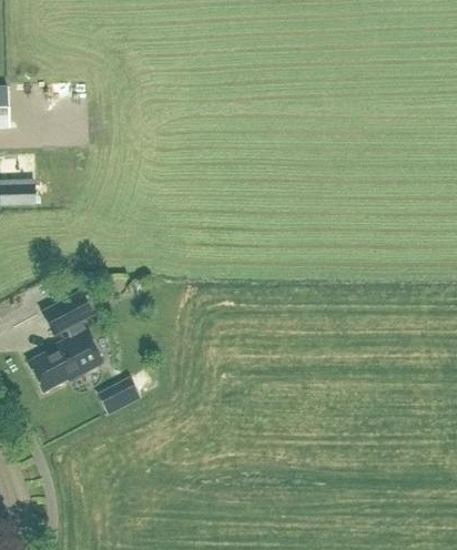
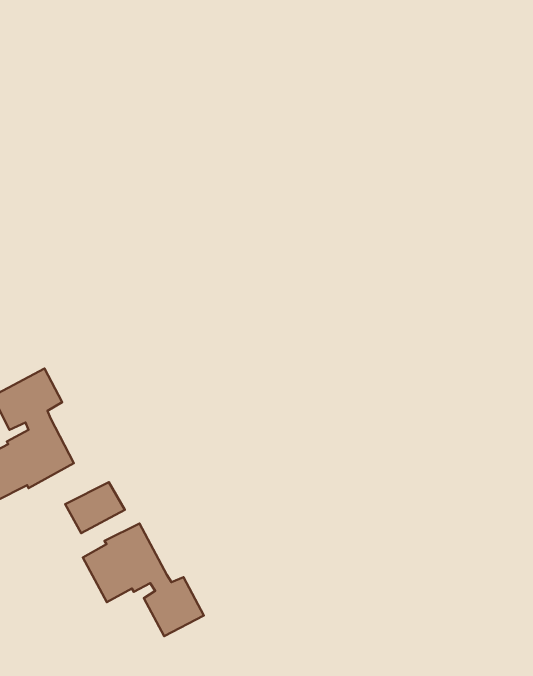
building: none -> [83,524,204,636]

